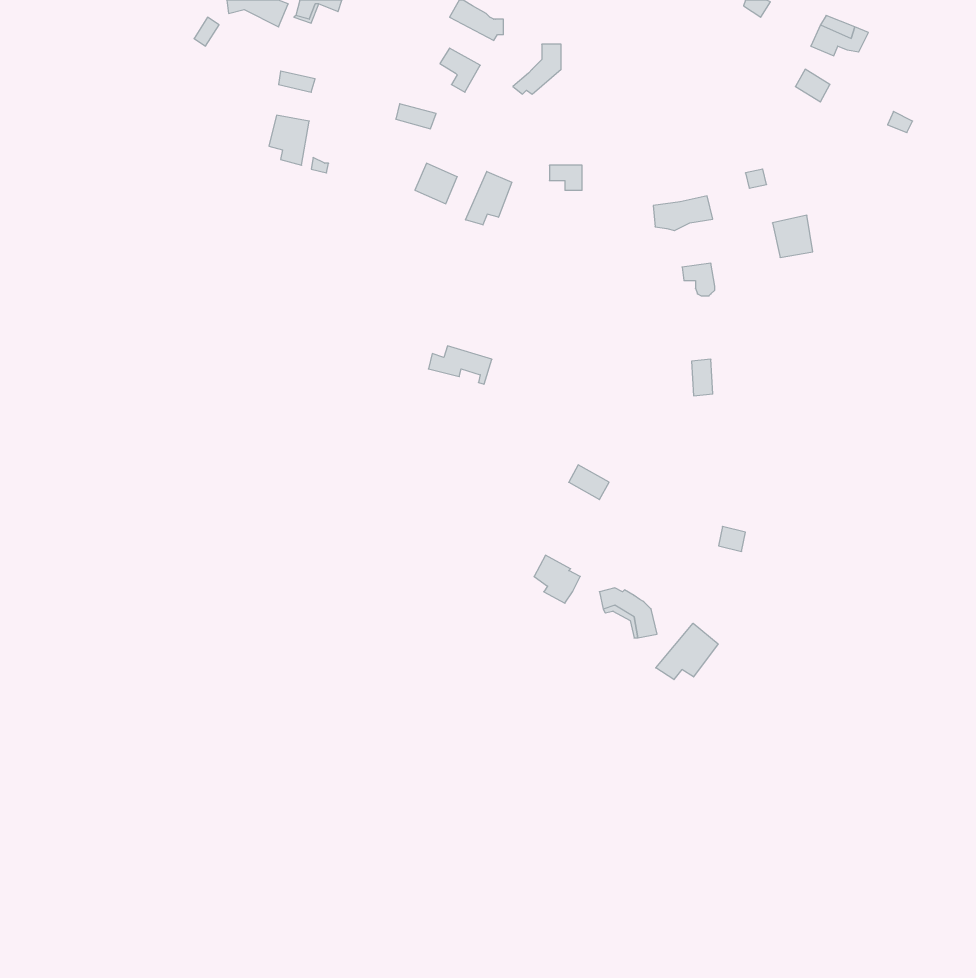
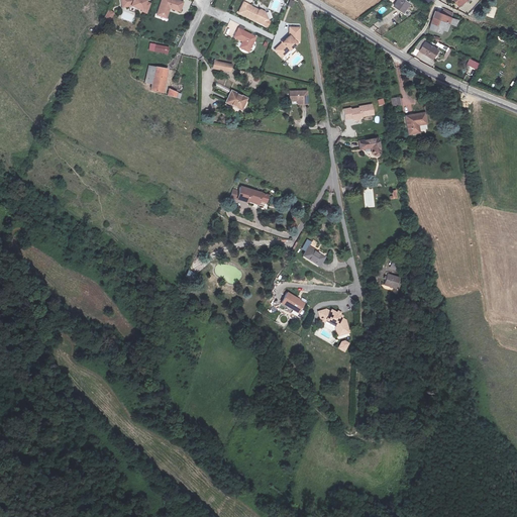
building: [466,171,512,225] -> none
building: [656,623,718,680] -> none

